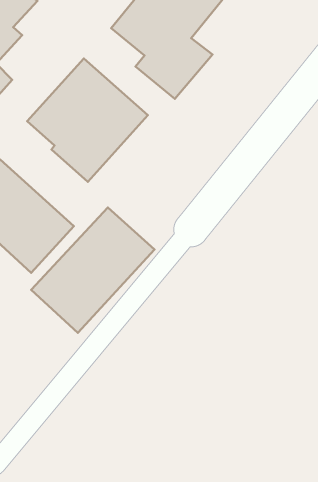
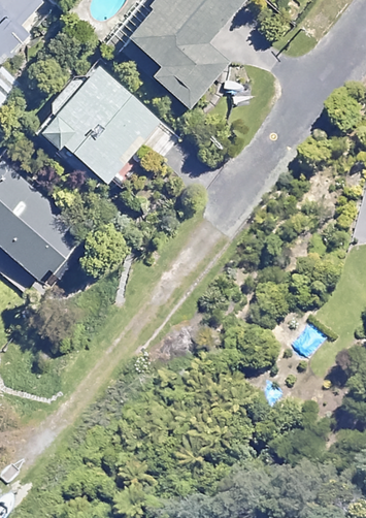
building: [31,207,154,333] -> none

